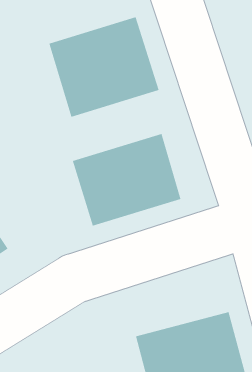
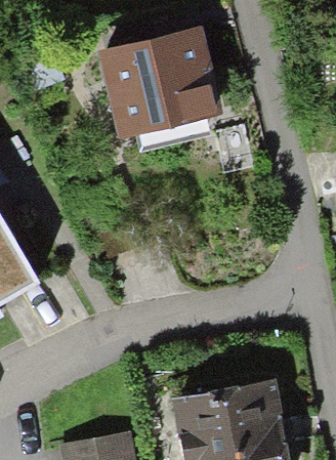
building: [72,133,181,227] -> none

